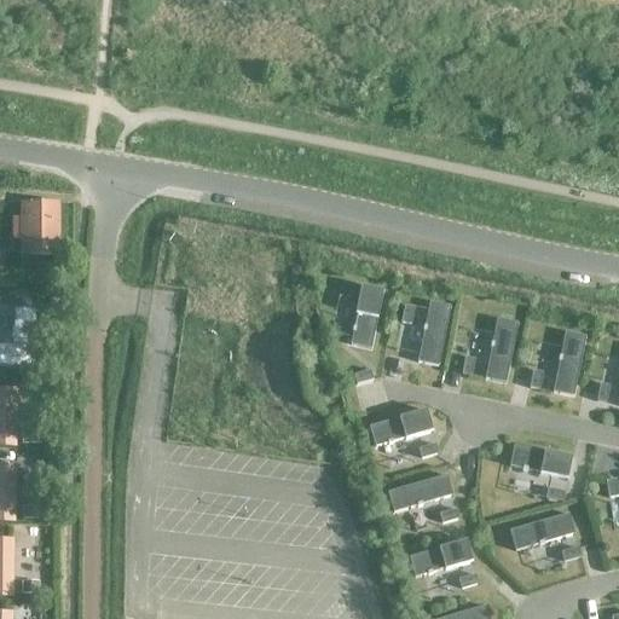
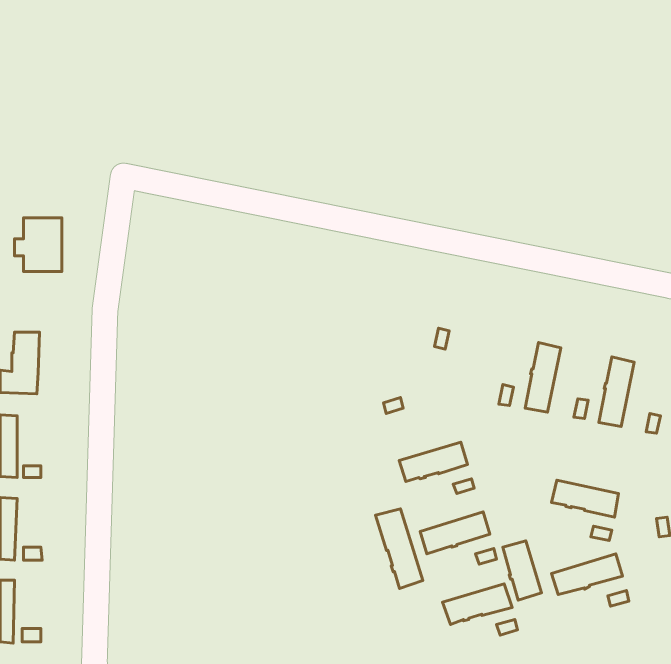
building: [351,284,382,346] -> none
building: [416,299,449,363] -> none
building: none -> [375,509,423,588]
building: none -> [503,541,541,600]

